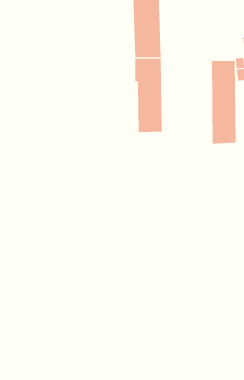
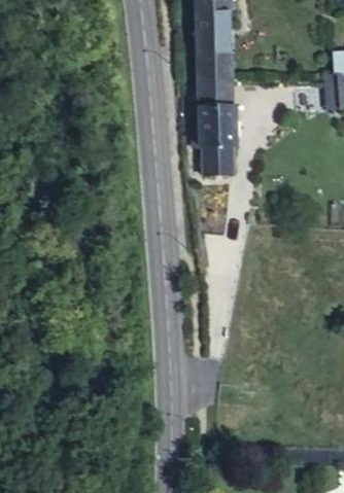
building: [211,60,236,144] -> none

